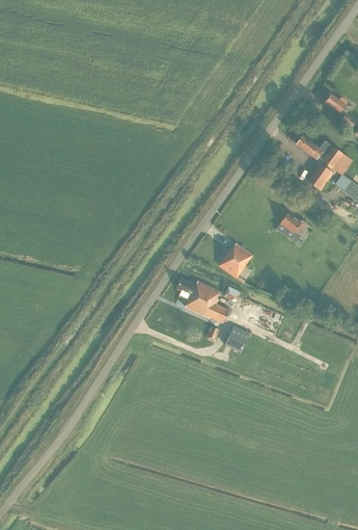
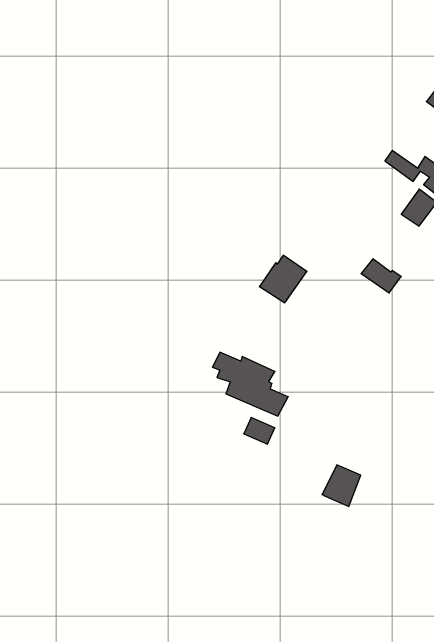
building: [218,243,251,276] -> [259,255,307,303]
building: [222,324,249,353] -> [322,465,361,506]

